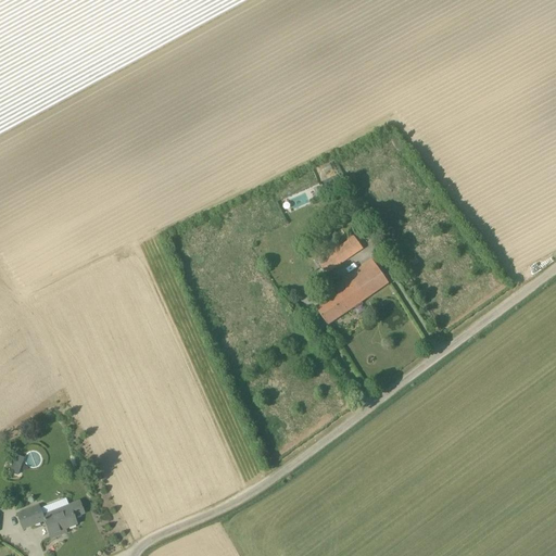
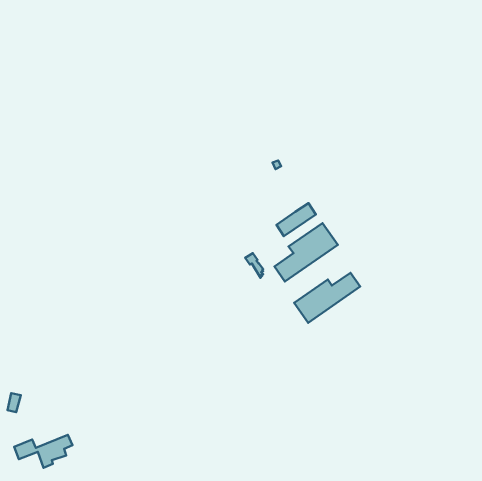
building: none -> [294,273,360,323]

